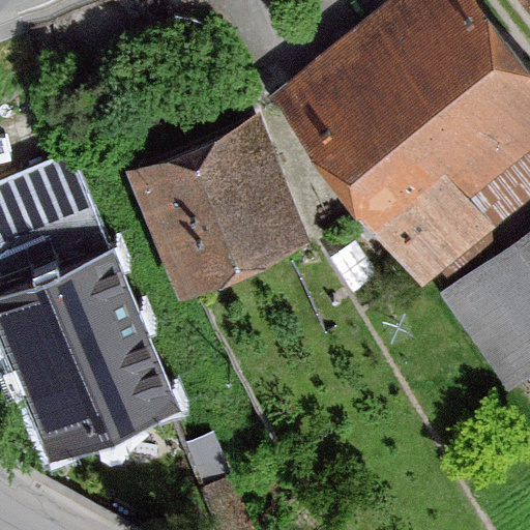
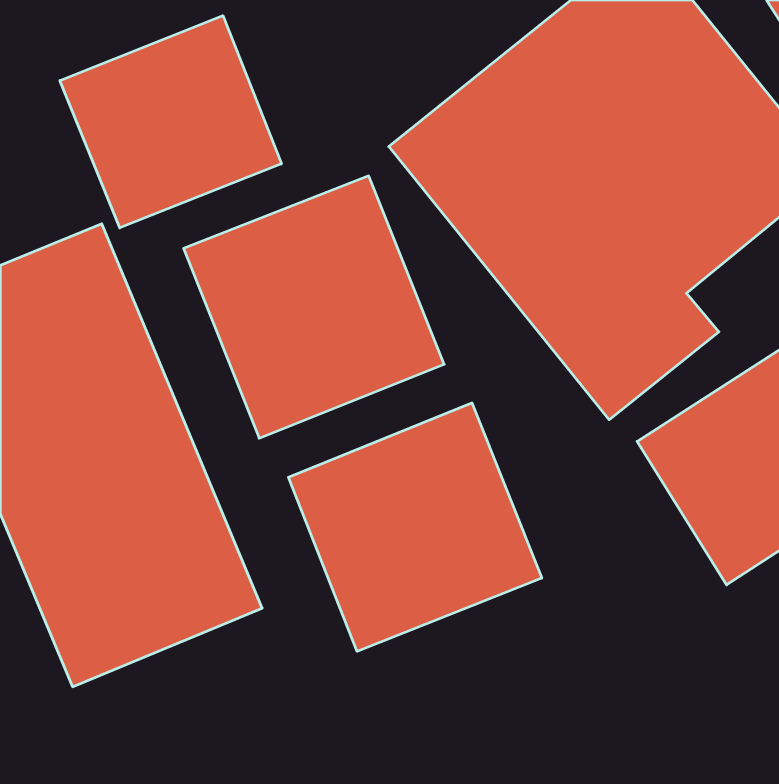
building: none -> [60,16,281,228]
building: none -> [288,403,542,651]

